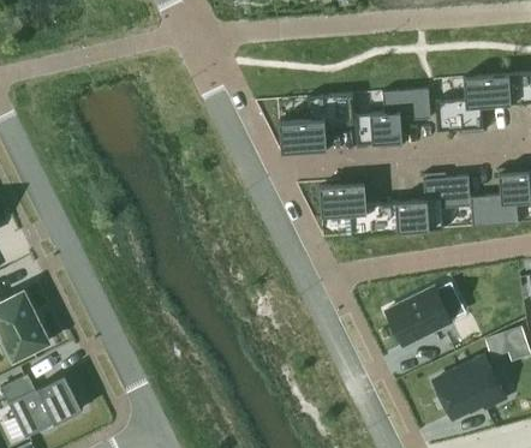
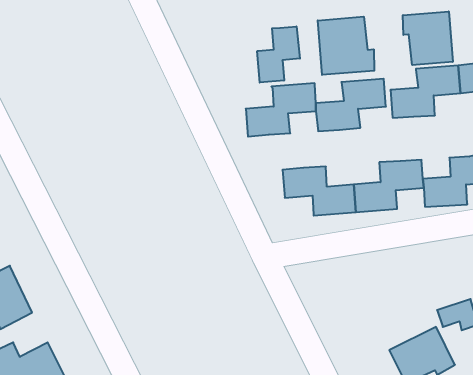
building: none -> [403,11,453,65]
building: none -> [318,17,374,75]
building: none -> [257,26,300,83]
building: [386,287,452,346] -> none

